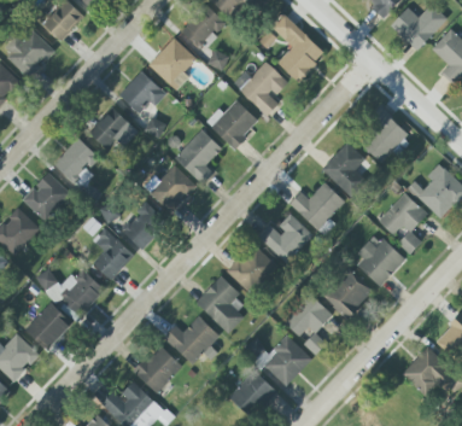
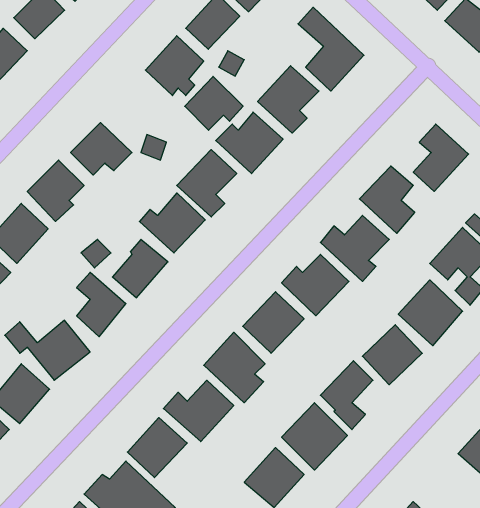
building: [118,70,165,113] -> [185,76,243,130]

